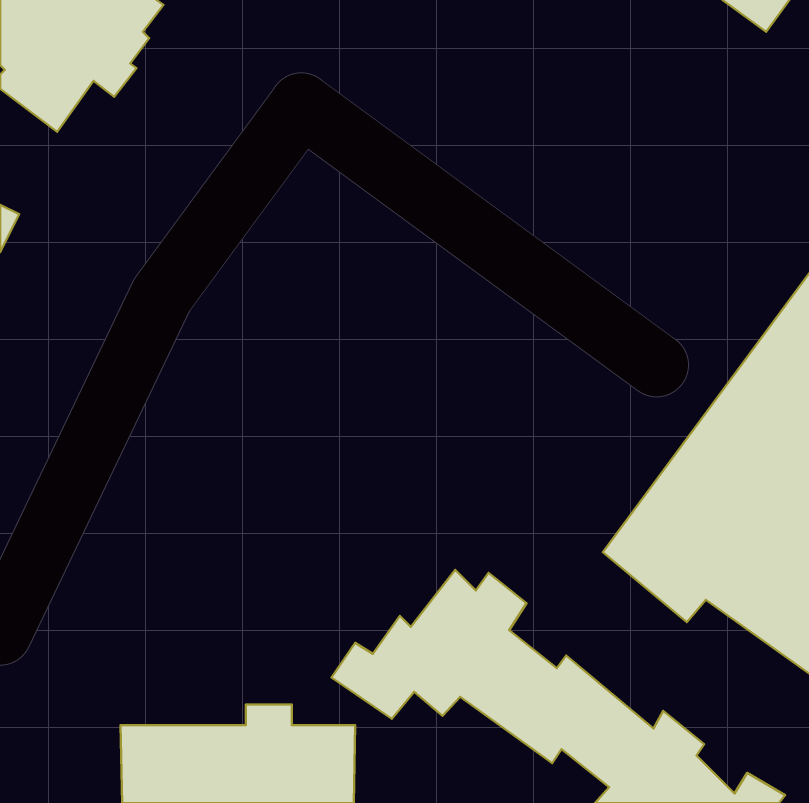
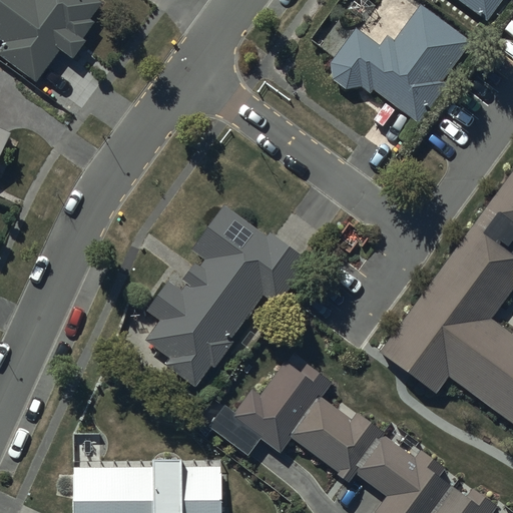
building: none -> [330,6,470,123]
building: none -> [146,207,309,386]

